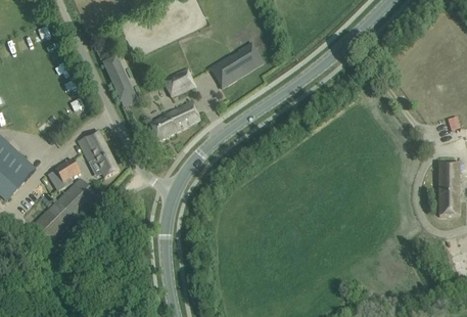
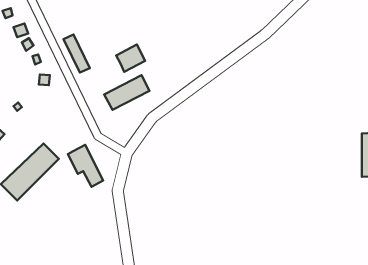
building: [217,43,263,87] -> none
building: [78,130,118,177] -> [68,145,103,187]
building: [46,158,80,191] -> none

